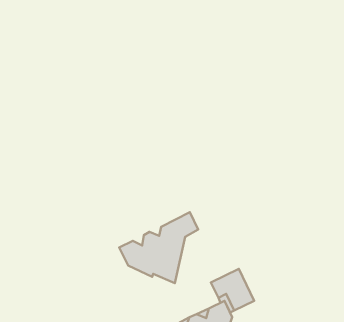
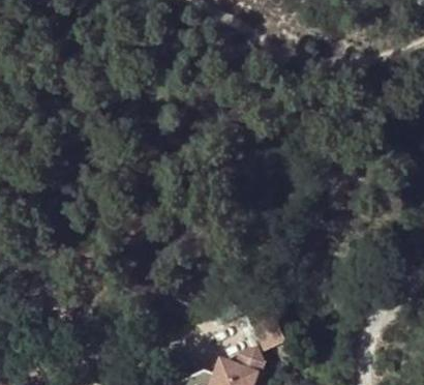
building: [119,212,198,283] -> none

